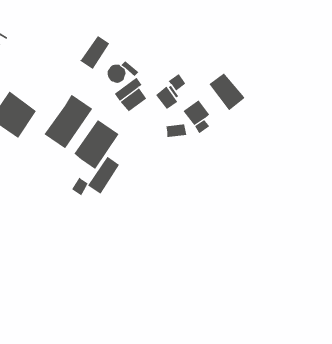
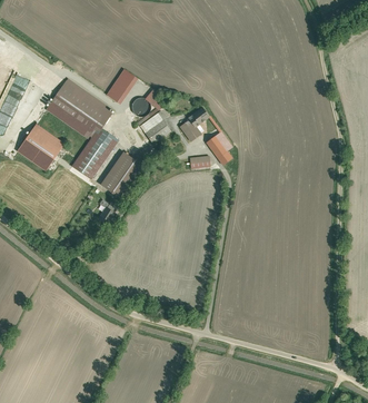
building: none -> [46,81,108,138]
building: [208,72,246,111] -> none
building: [87,156,120,195] -> none

